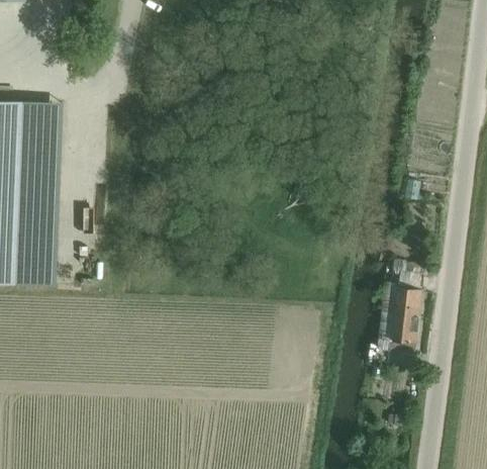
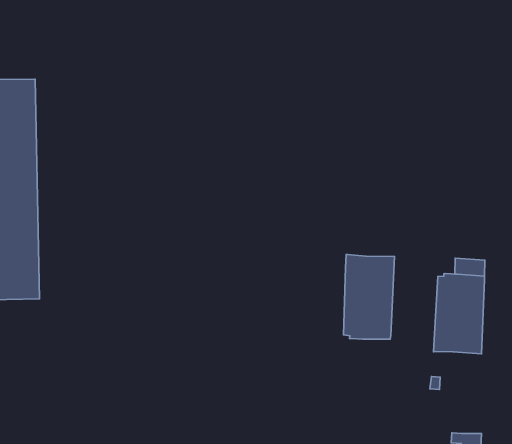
building: none -> [344,254,394,339]

